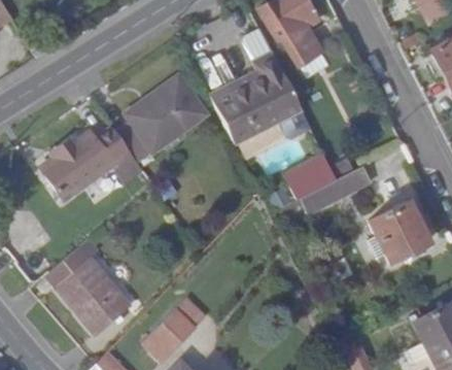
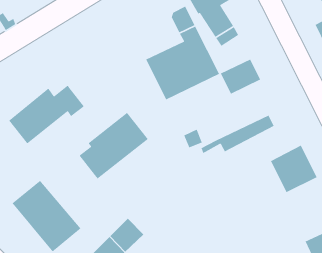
building: [118,75,206,160] -> [79,112,149,180]
building: [287,152,339,197] -> [220,58,261,95]

